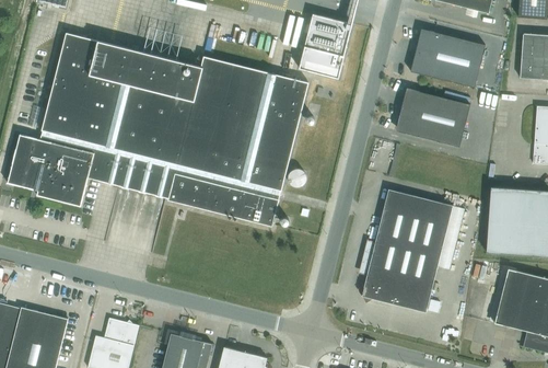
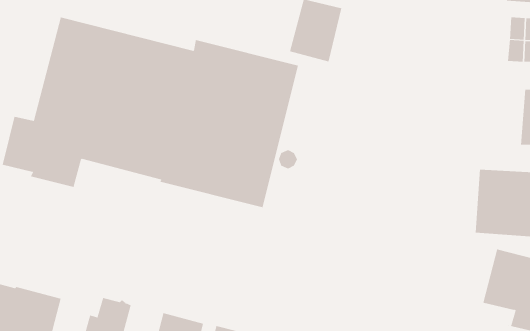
building: [410,28,486,88] -> none
building: [396,88,470,147] -> none
building: [358,189,465,312] -> none

